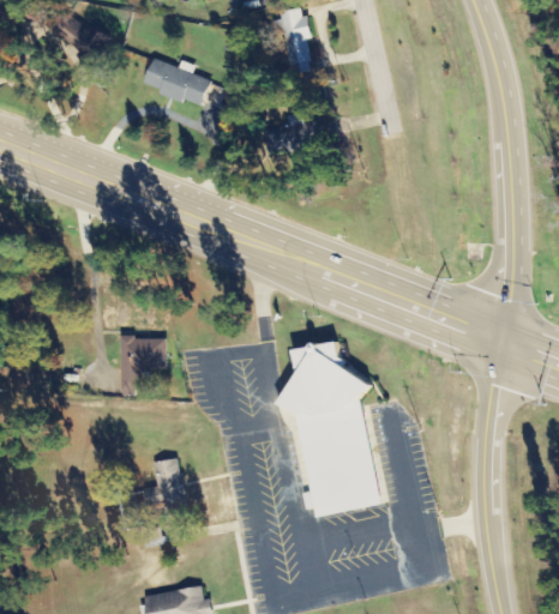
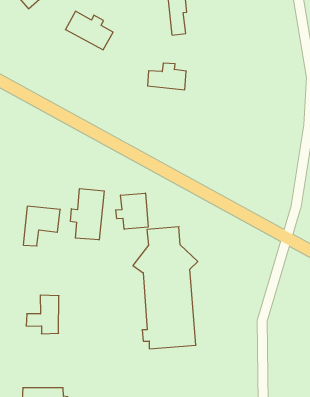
building: none -> [116,193,148,229]
building: none -> [71,189,104,240]

